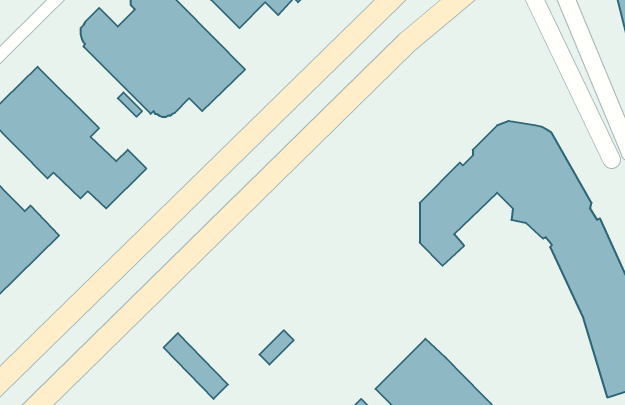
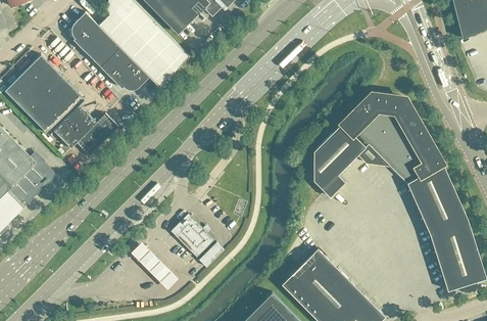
building: none -> [169,214,212,257]

